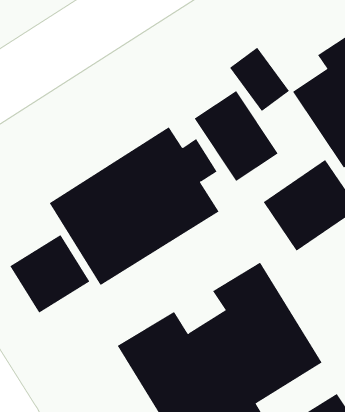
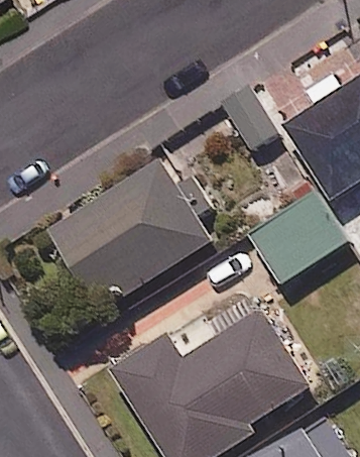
building: [194,90,278,182] -> none
building: [9,234,90,314] -> none

